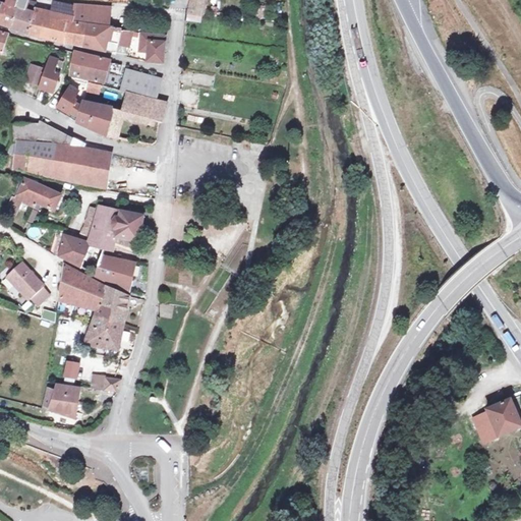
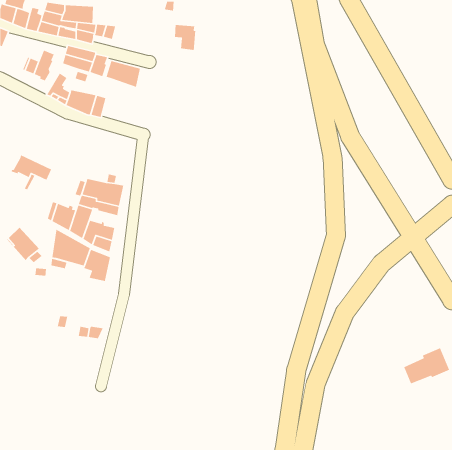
building: [140,31,166,61] -> [174,24,196,51]
building: [122,91,166,122] -> none
building: [8,119,110,186] -> none
building: [81,308,121,349] -> none
building: [41,384,77,415] -> none

